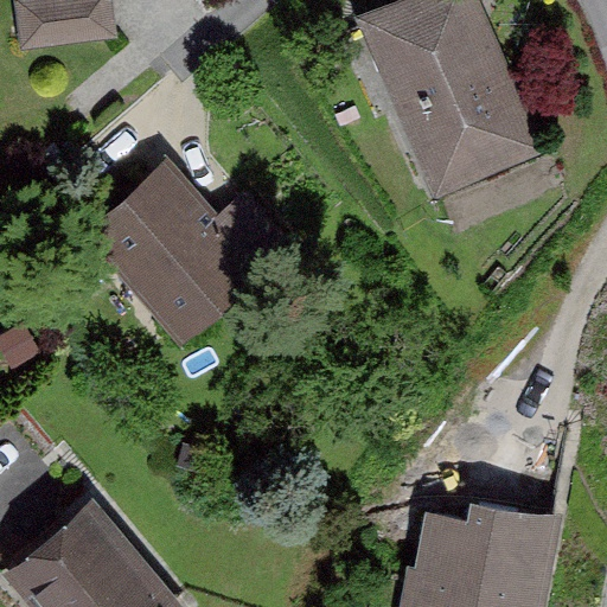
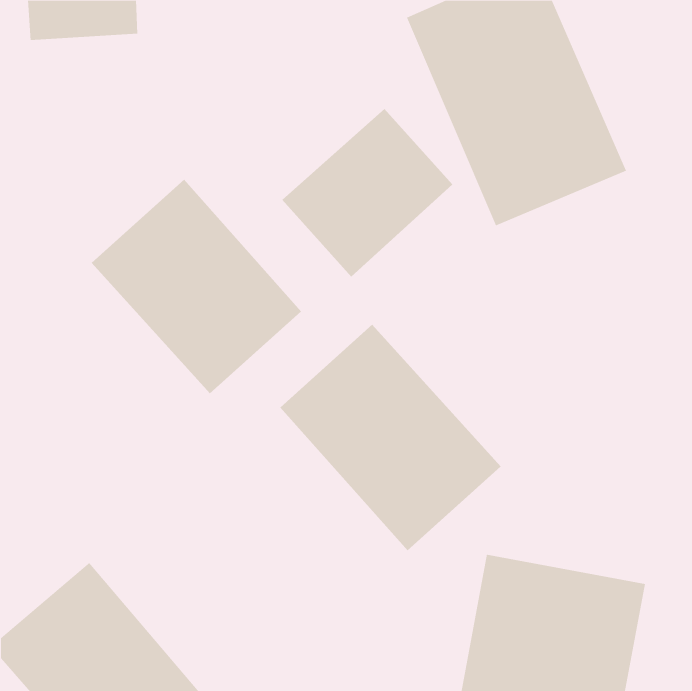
building: none -> [281,108,453,277]
building: none -> [279,324,502,551]

